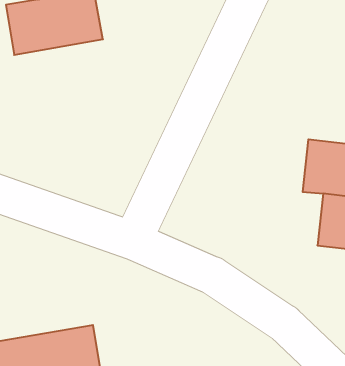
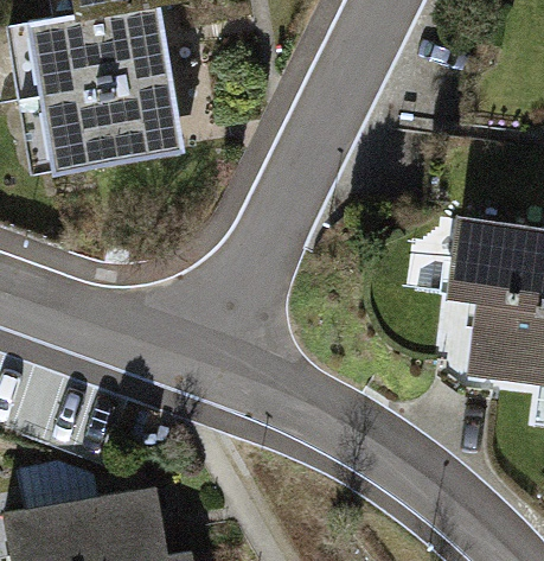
building: none -> [39,74,179,170]

